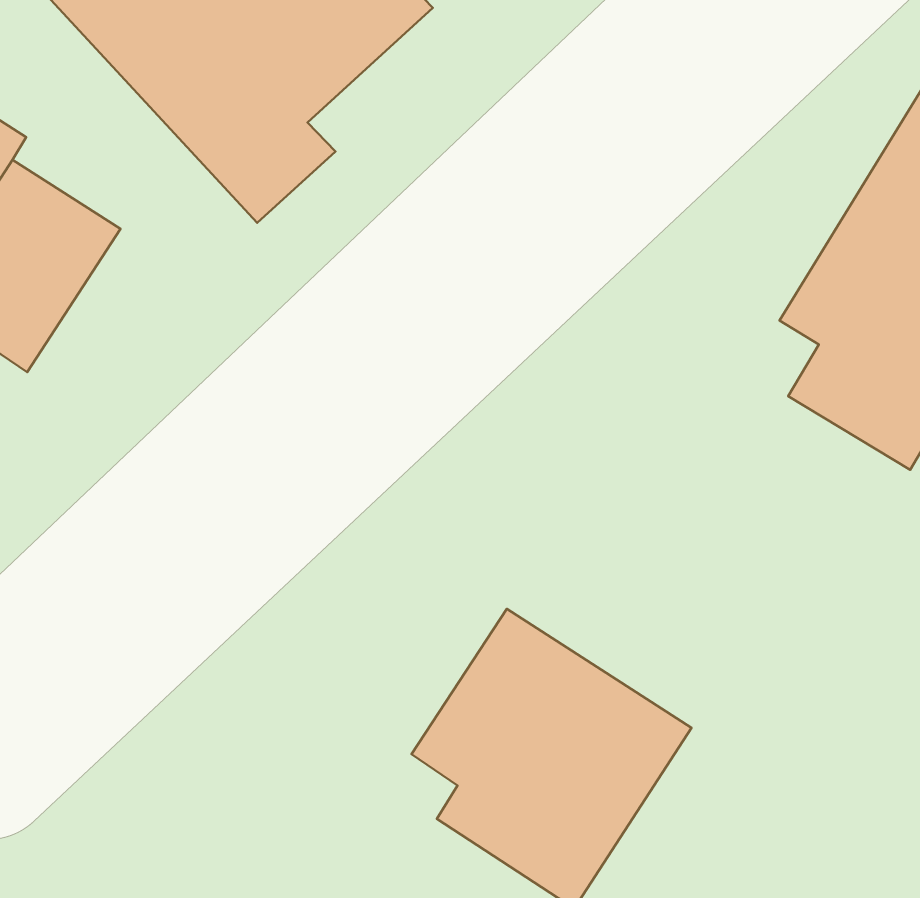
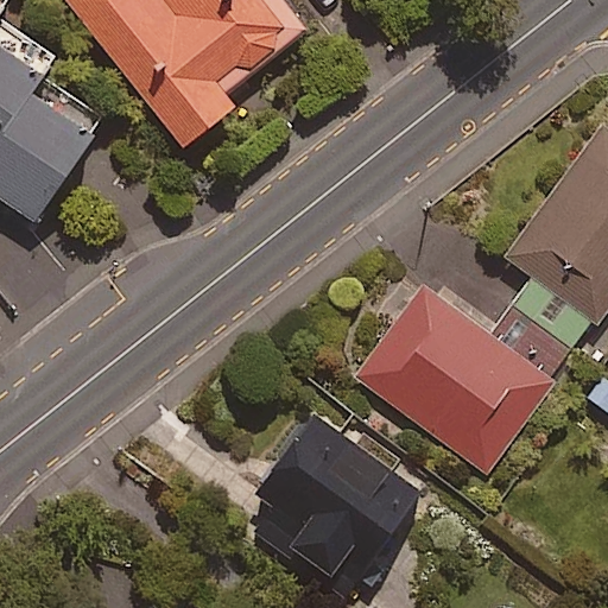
building: none -> [354,280,575,469]

